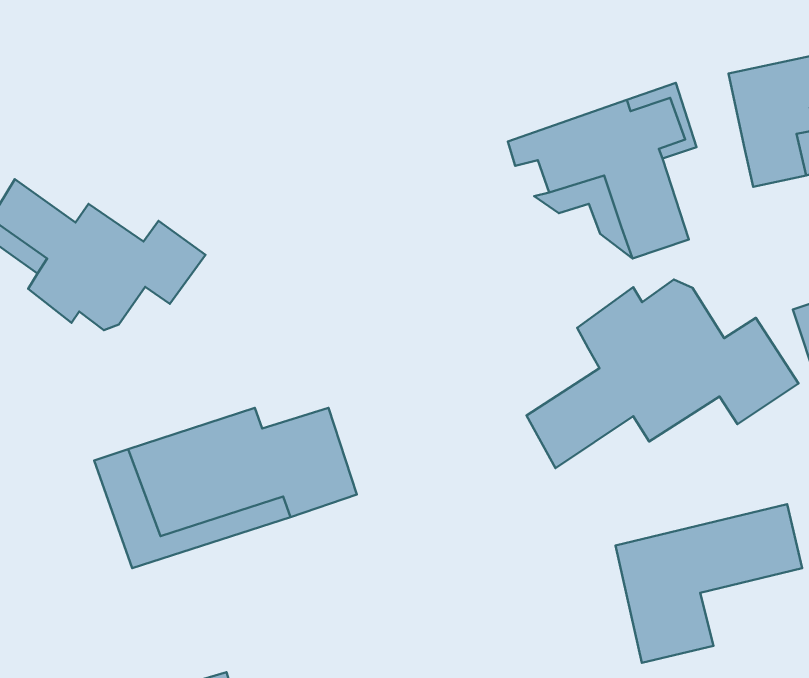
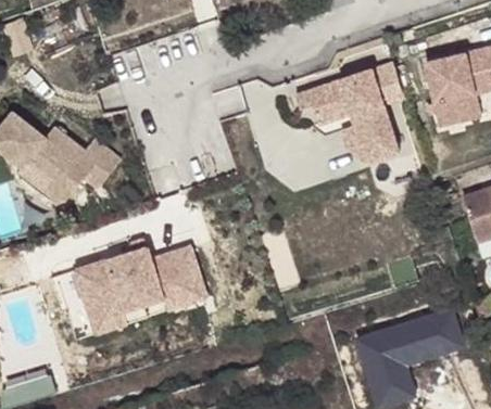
building: [526,279,798,468] -> none

